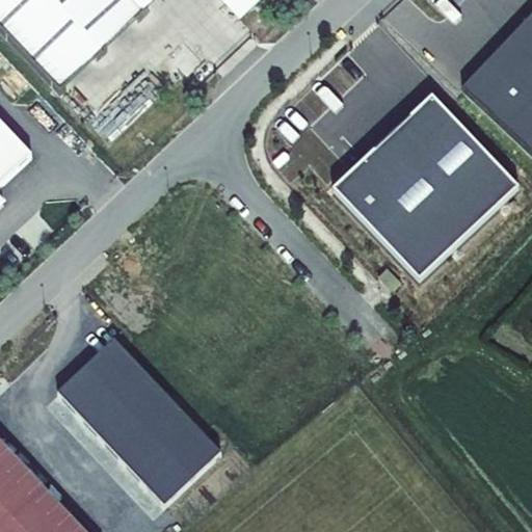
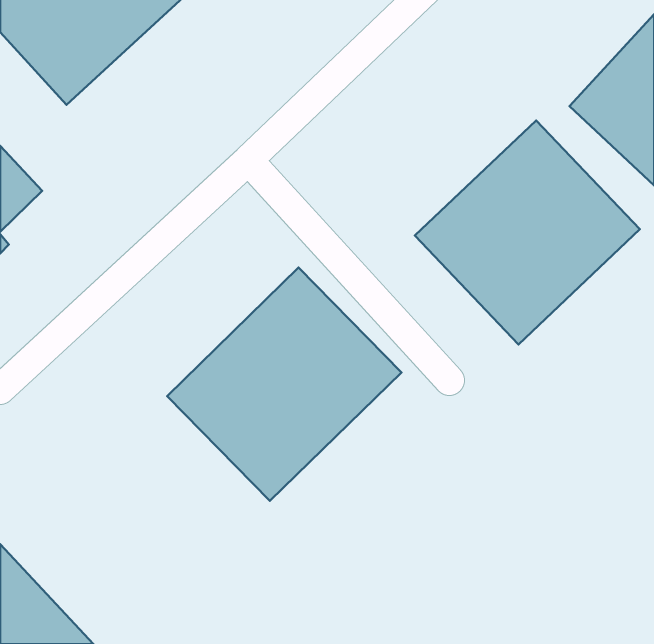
building: none -> [167,267,401,501]
building: [58,335,225,502] -> none

